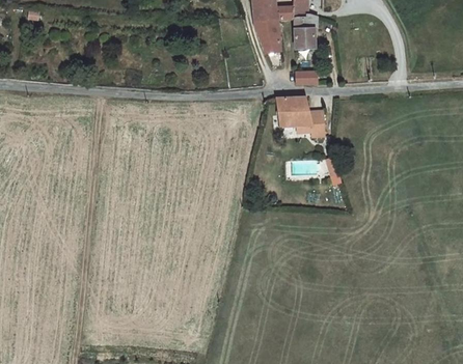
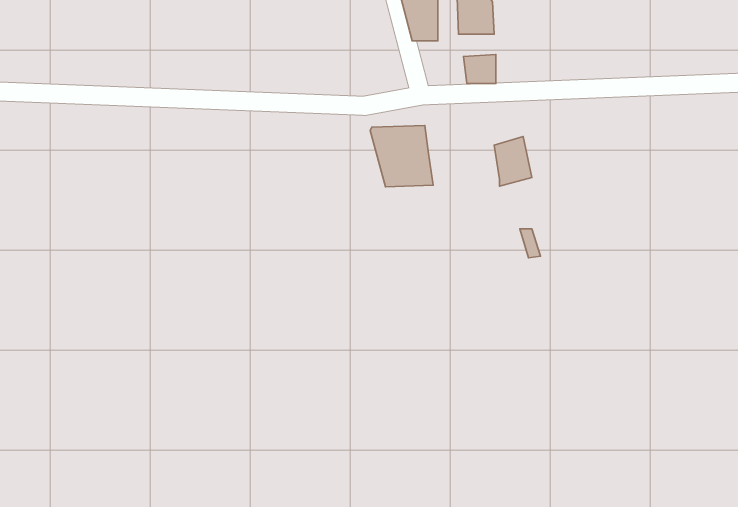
building: [277,97,316,135] -> [370,126,433,187]

